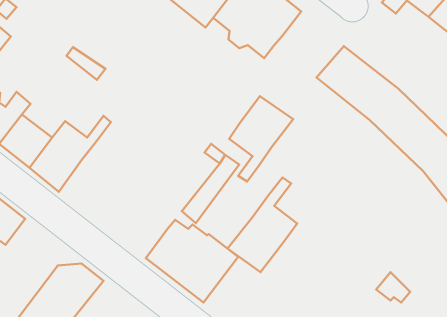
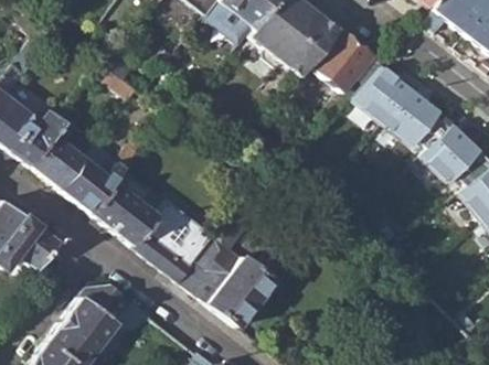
building: none -> [310,30,374,92]
building: [229,96,293,182] -> none
building: none -> [92,160,214,280]
building: [227,178,297,272] -> none

